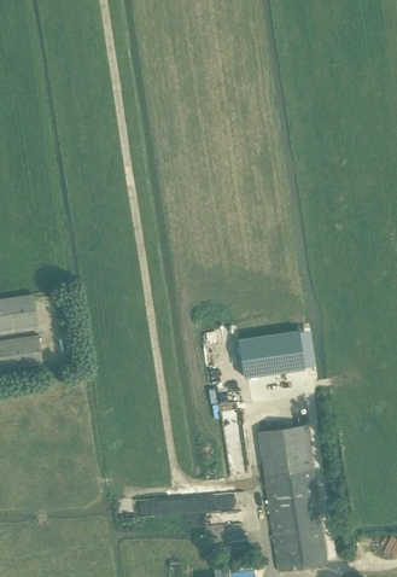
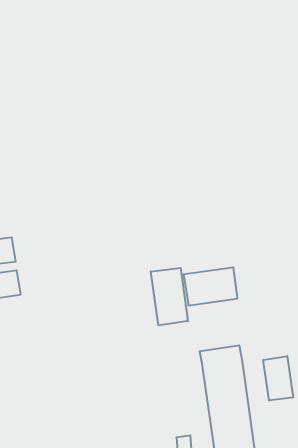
building: none -> [151,268,188,325]
building: none -> [263,356,293,401]

